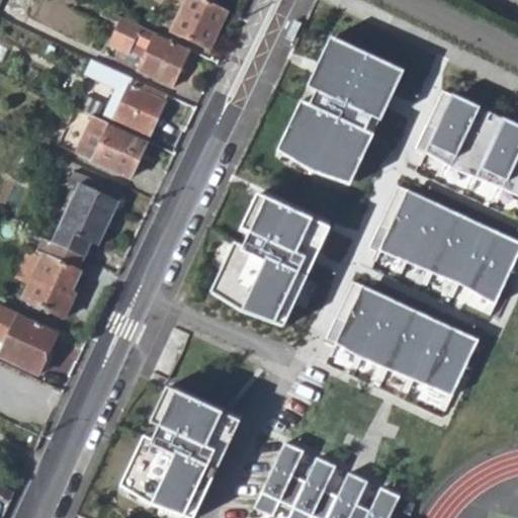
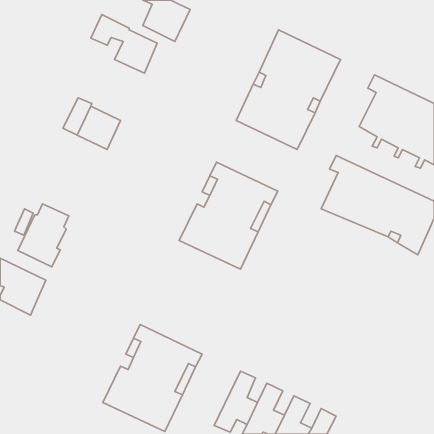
building: [84,60,166,135] -> none
building: [51,171,116,257] -> none
building: [337,281,480,410] -> none

